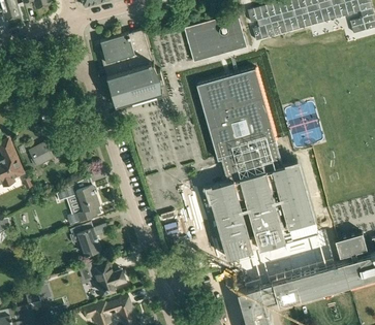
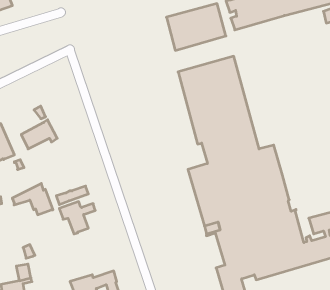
building: [100,30,164,107] -> none
building: [57,178,100,212] -> [12,183,53,215]
building: [86,258,126,295] -> none

